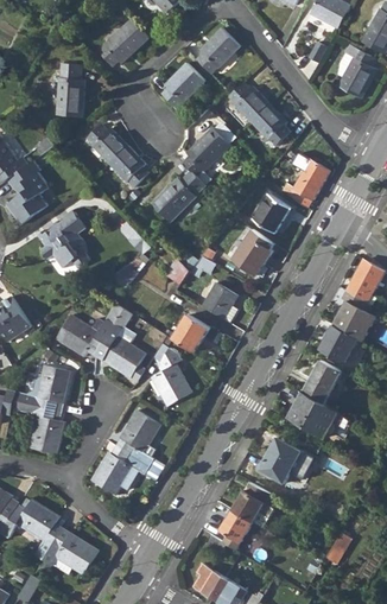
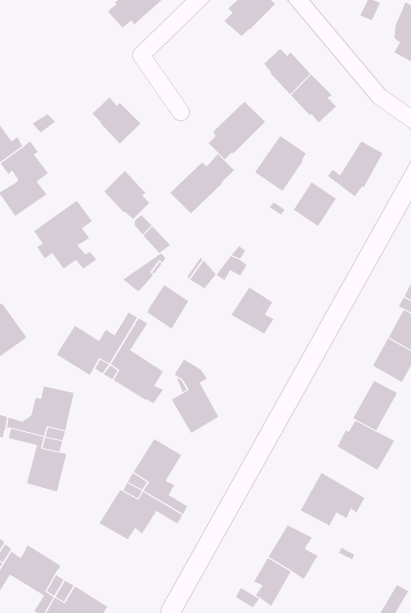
building: [56,63,83,117] -> none
building: [160,63,204,109] -> none
building: [108,146,147,187] -> [103,170,150,220]
building: [230,229,274,276] -> [254,135,307,192]
building: [172,314,208,352] -> [147,284,189,330]

